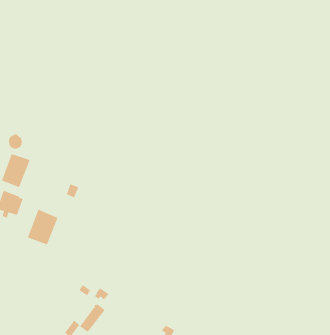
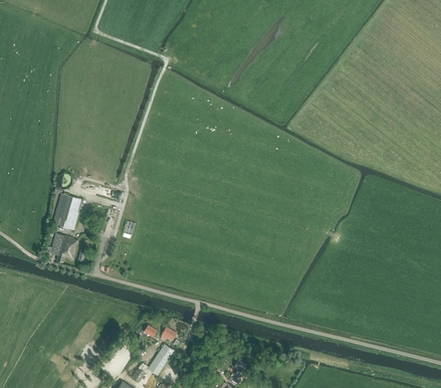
building: [27,209,58,245] -> none

